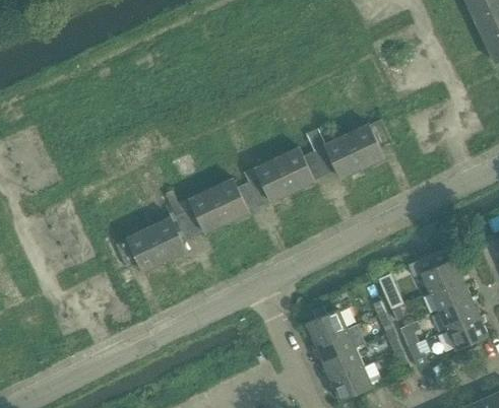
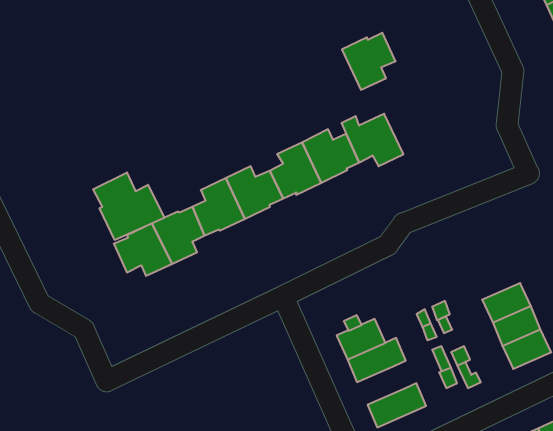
building: [346,120,391,168] -> [342,33,396,90]
building: none -> [93,172,164,240]
building: [408,249,461,292] -> none
building: [322,348,364,382] -> none

